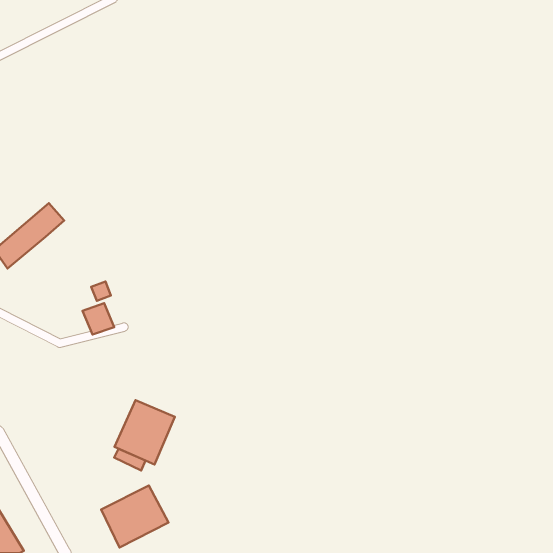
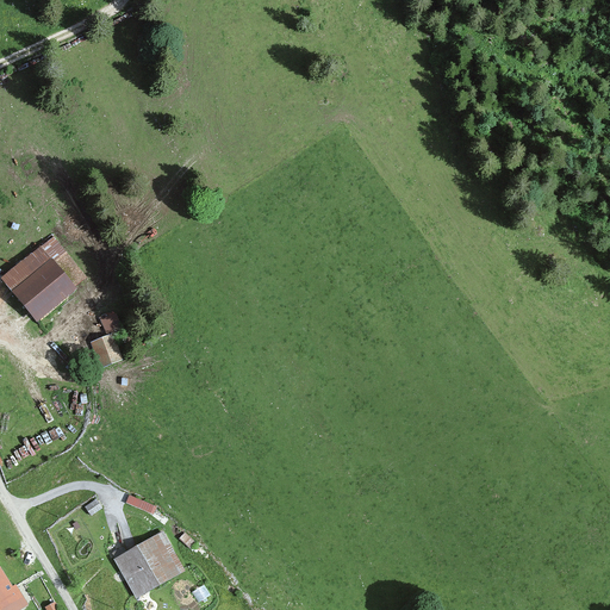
building: none -> [8,260,75,324]
building: [114,400,175,465] -> none

